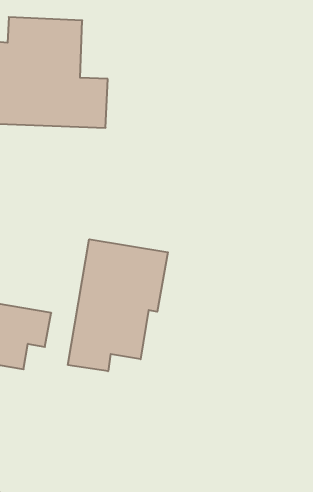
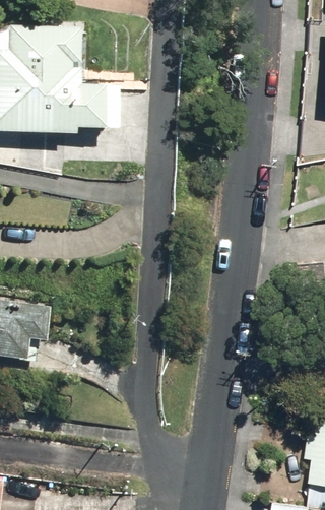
building: [68,239,168,371] -> none

